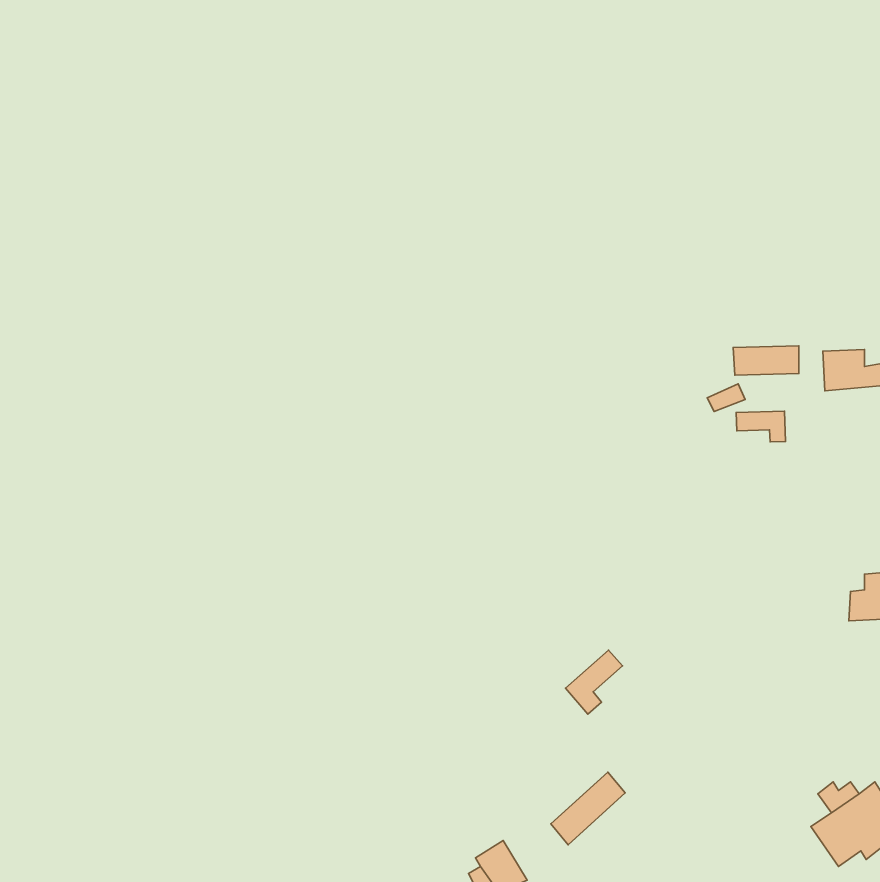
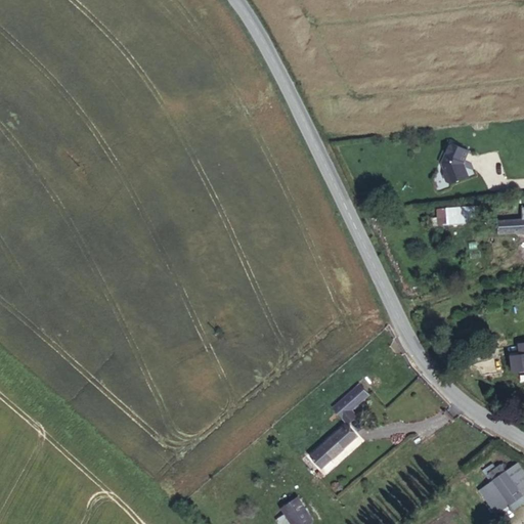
building: none -> [436,141,463,182]
building: [736,411,785,442] -> none
building: [551,772,625,845] -> [313,426,357,469]

